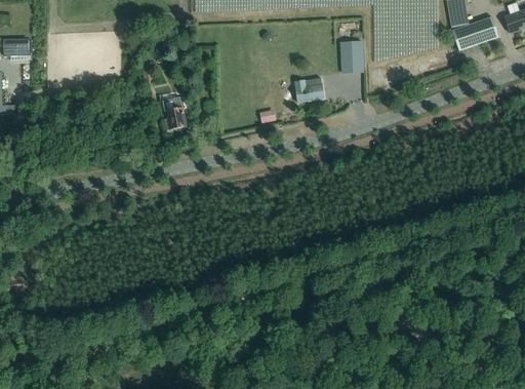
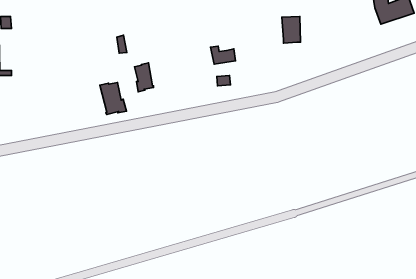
building: [293,80,323,102] -> [211,46,235,64]
building: none -> [100,83,127,115]

